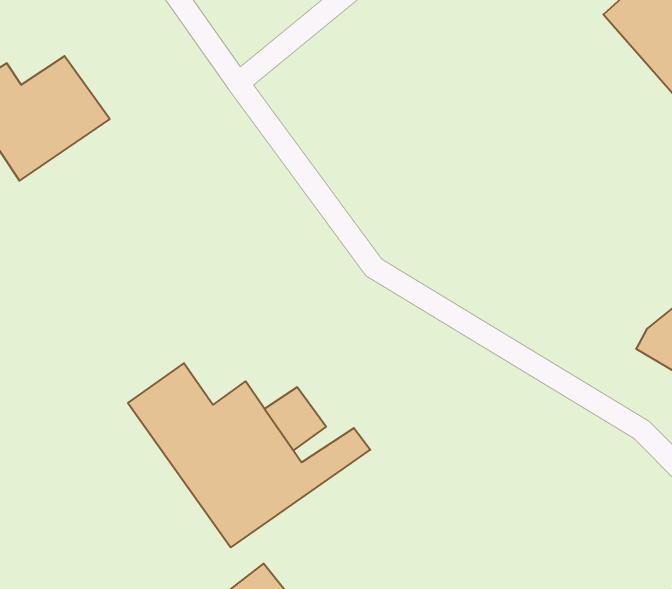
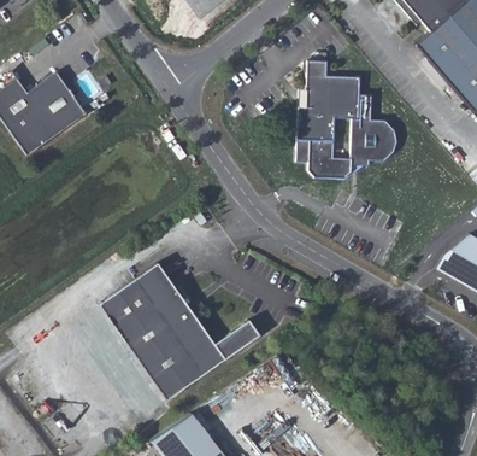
building: none -> [298,60,398,177]
building: [265,387,326,450] -> [136,263,177,305]

